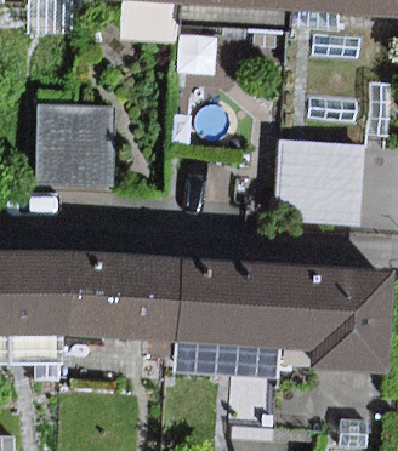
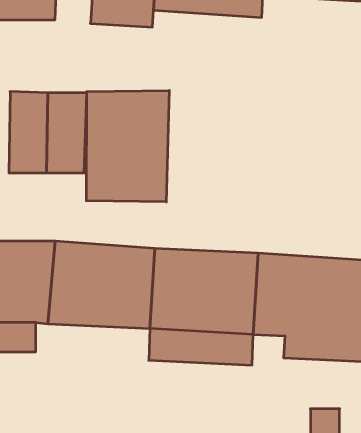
building: none -> [86,90,169,202]
building: [272,139,365,222] -> none

